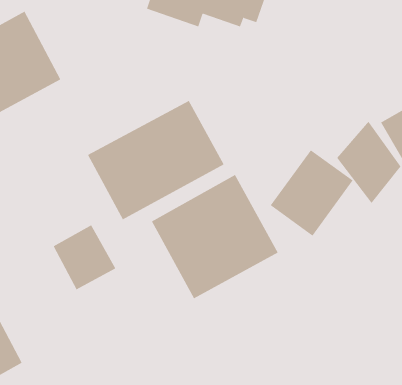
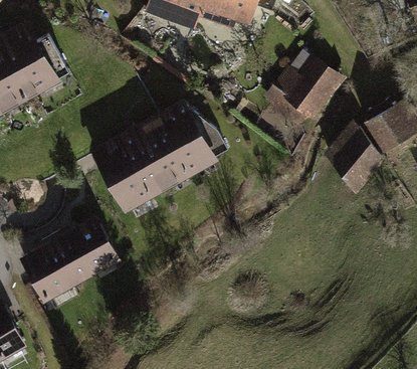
building: [270,149,353,236] -> [262,47,341,129]
building: [151,174,279,299] -> none
building: none -> [20,236,79,298]

